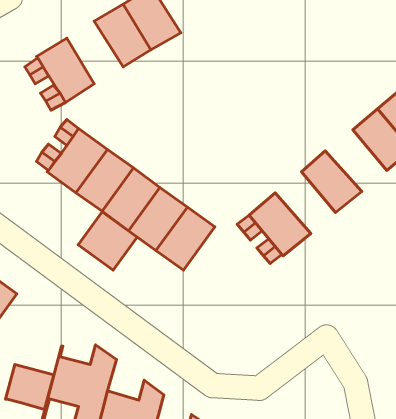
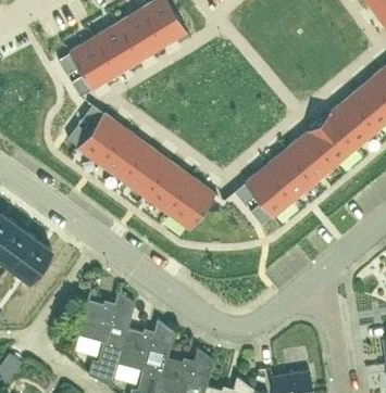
building: none -> [92,24,139,76]
building: none -> [307,114,358,165]
building: none -> [265,149,315,200]
building: [78,212,137,270] -> none
building: [6,364,54,410] -> none

